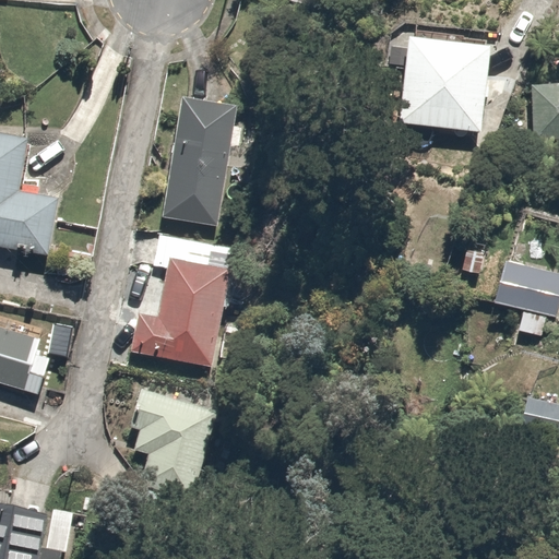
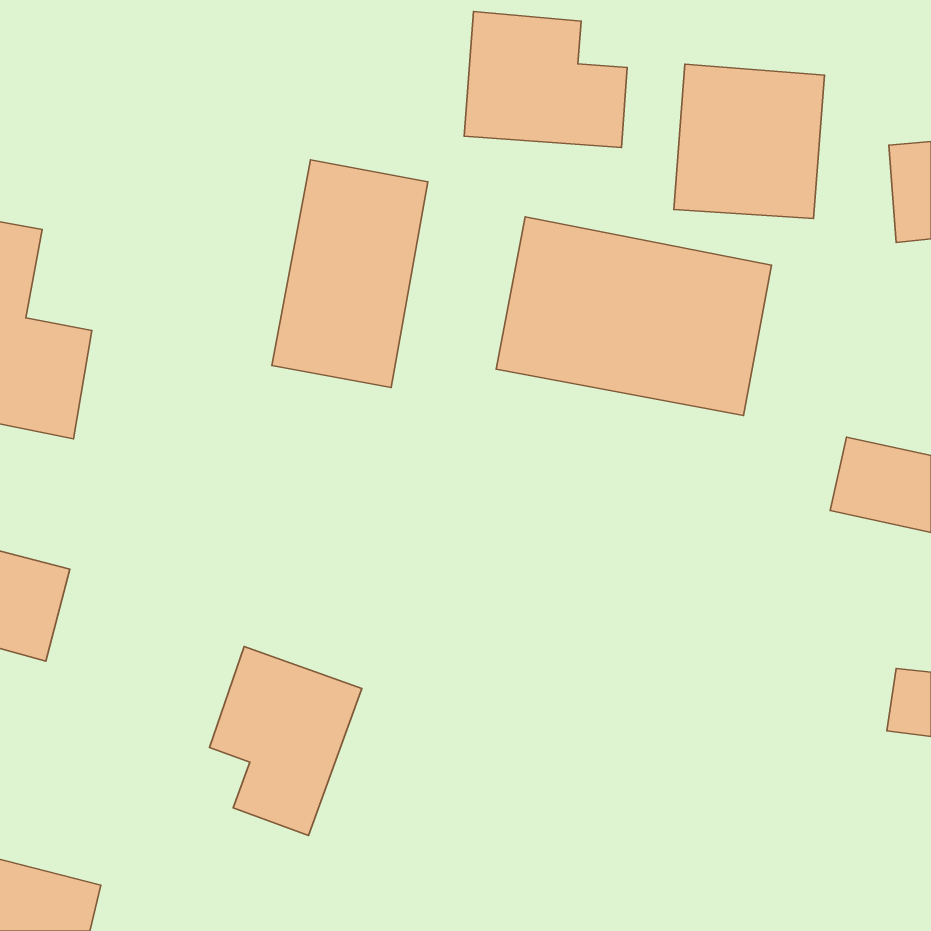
building: none -> [464,12,627,148]
building: none -> [496,217,772,416]
building: [131,236,230,365] -> none

